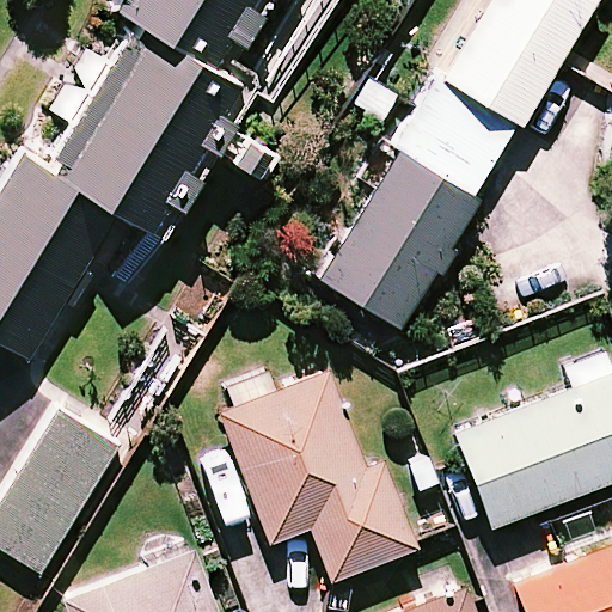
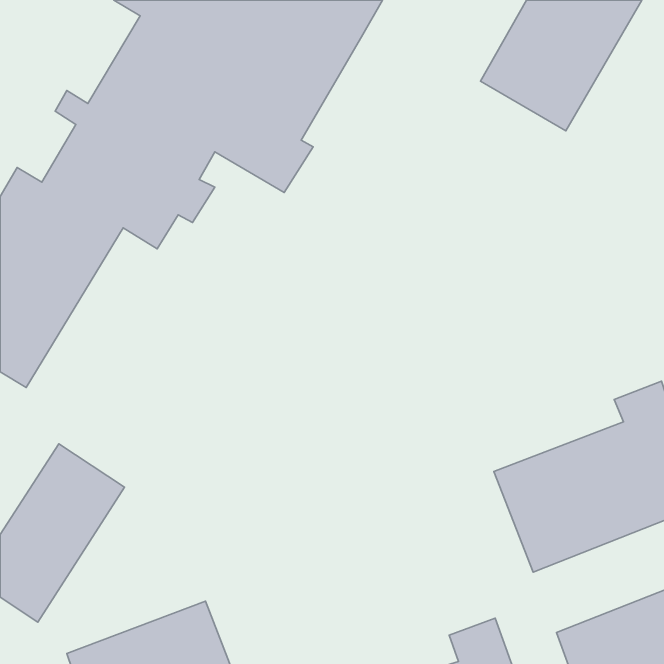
building: [320,86,512,323] -> none
building: [219,369,416,581] -> none

